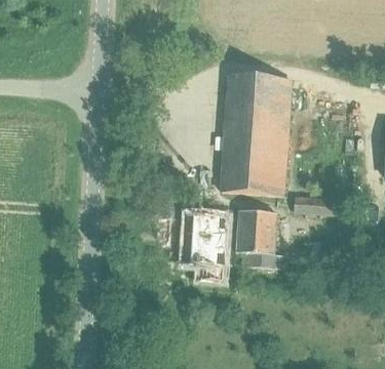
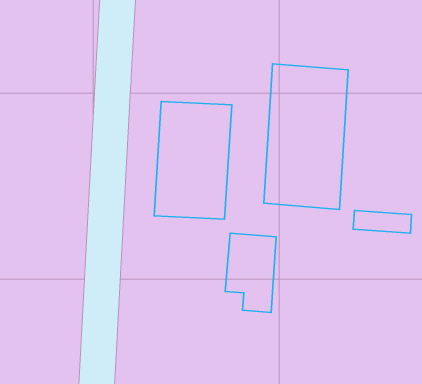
building: none -> [154,102,232,219]
building: [237,209,277,266] -> none

